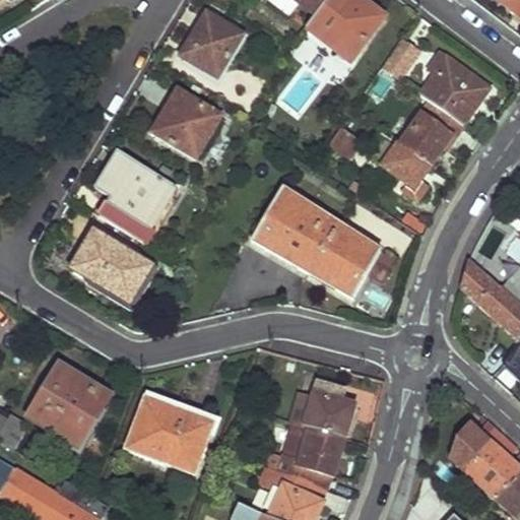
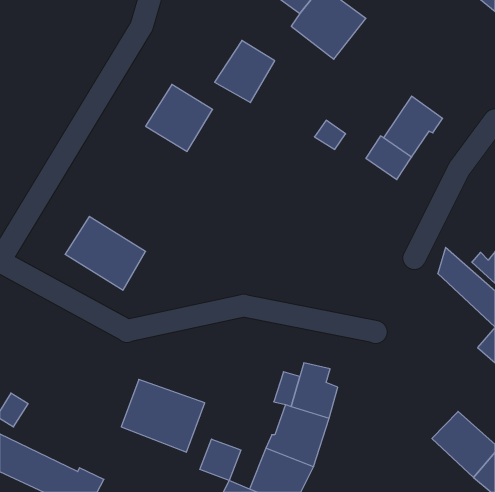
building: [180,10,243,75] -> [215,40,275,103]
building: [381,31,421,77] -> none
building: [420,53,490,124] -> none
building: [99,151,170,237] -> none
building: [253,189,381,296] -> none
building: [27,361,112,446] -> none
building: none -> [200,439,241,480]

